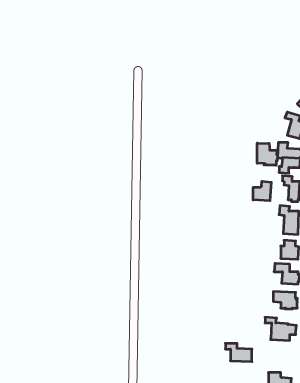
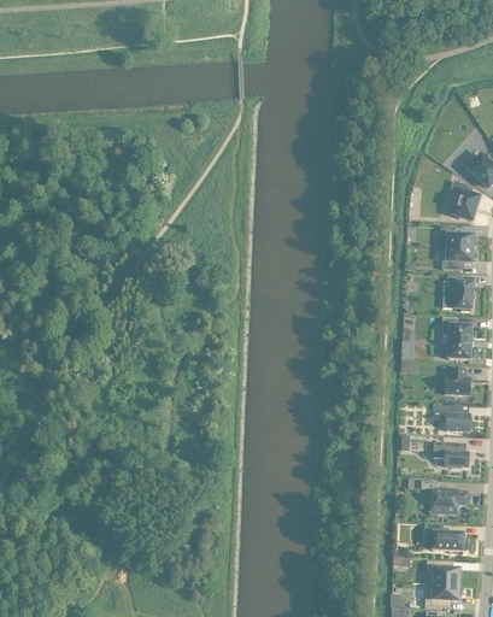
building: [257,143,278,165] -> none
building: [253,181,271,201] -> none
building: [225,343,252,362] -> [425,524,464,551]

